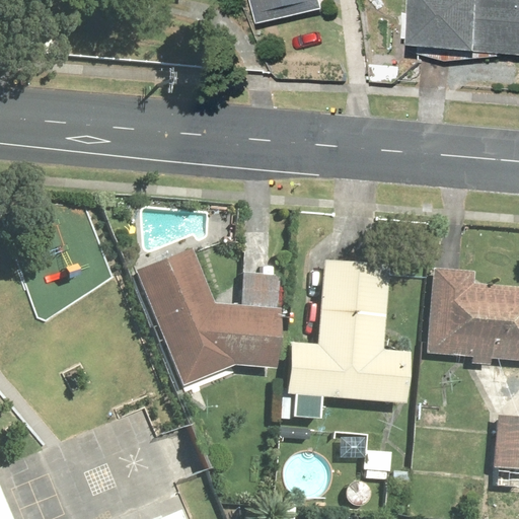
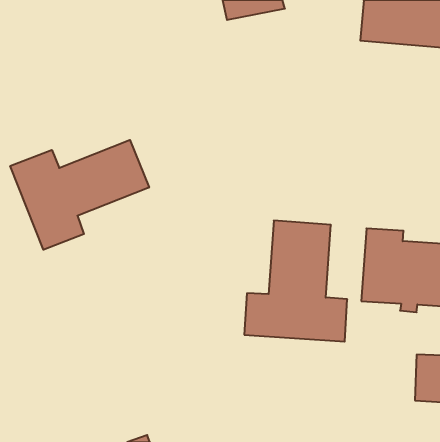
building: none -> [10,140,149,250]
building: [136,245,280,385] -> none

